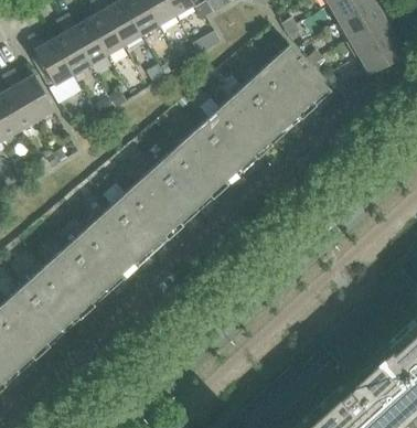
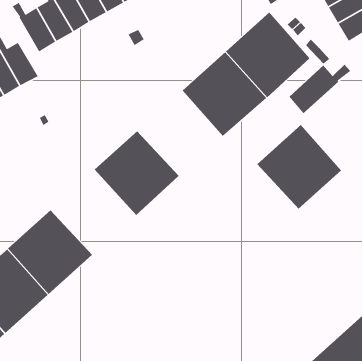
building: none -> [289,64,351,114]
building: [154,125,242,212] -> [256,124,342,210]
building: [66,205,153,292] -> none

